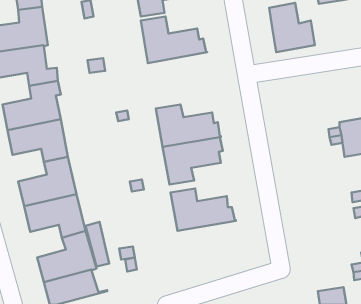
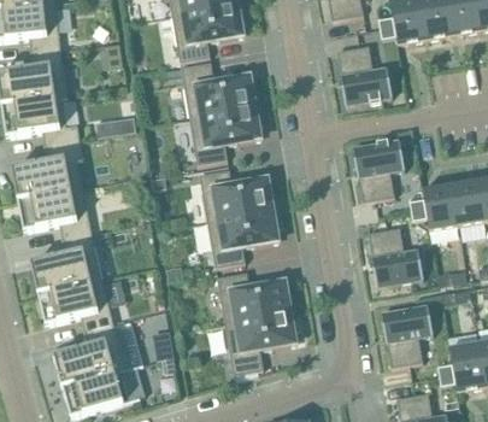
building: none -> [189,104,263,163]
building: none -> [353,137,405,200]
building: none -> [369,225,424,285]
building: none -> [381,303,433,365]
building: none -> [225,310,298,374]

